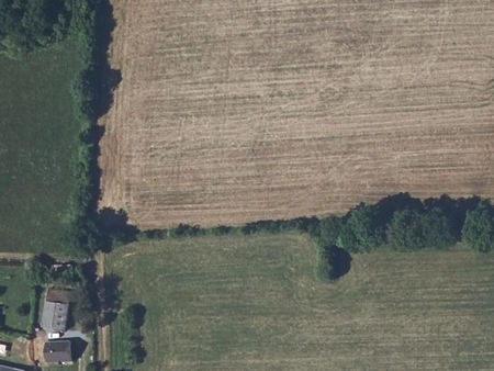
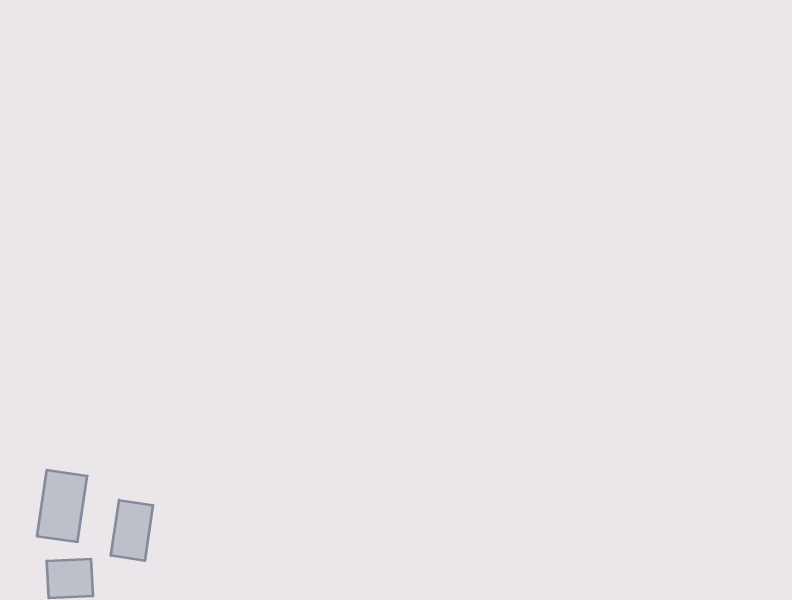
building: none -> [111,500,153,561]

